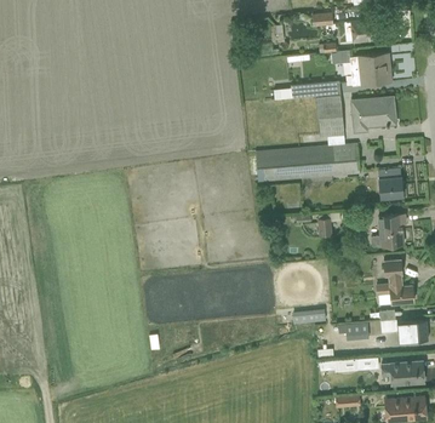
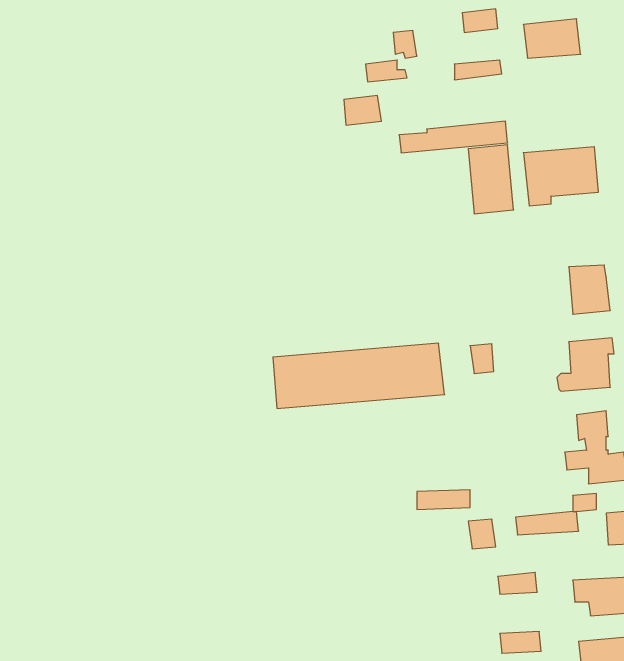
building: [350,52,391,85] -> none
building: [256,142,361,182] -> [273,343,445,408]

